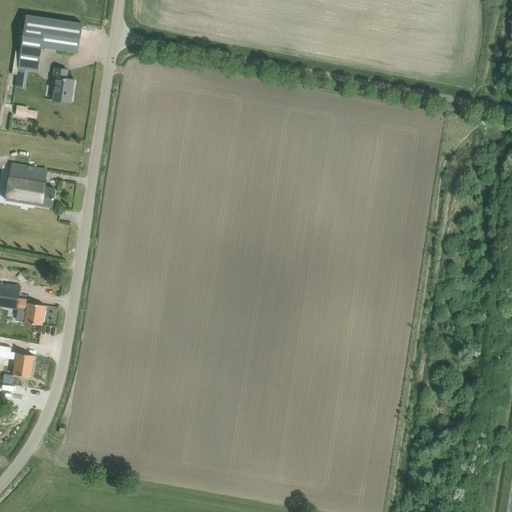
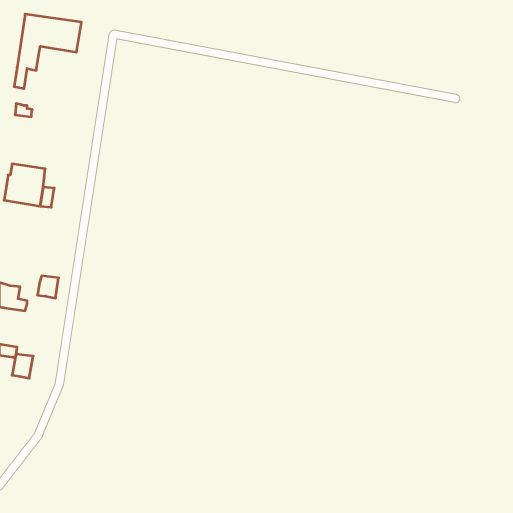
building: [51,67,73,101] -> none
building: [23,302,44,324] -> [37,276,59,298]

